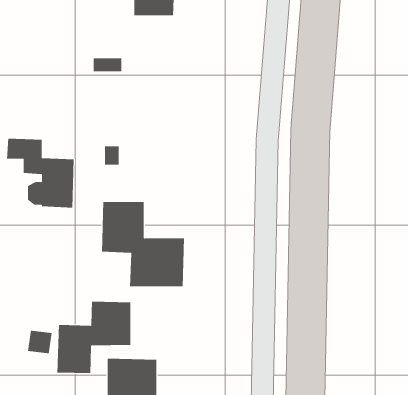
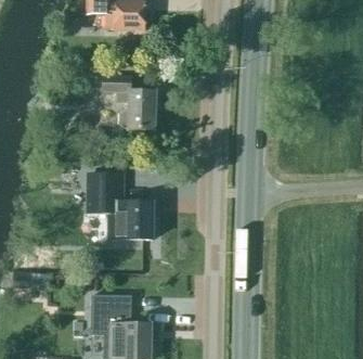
building: [6,138,74,208] -> [102,75,155,129]
building: [57,301,131,374] -> none

